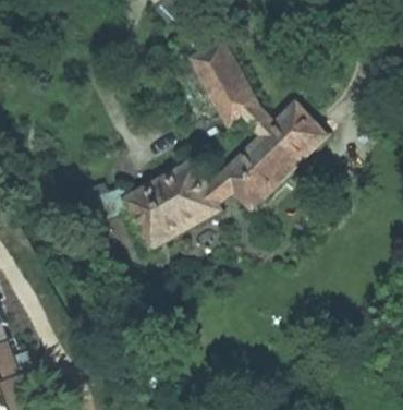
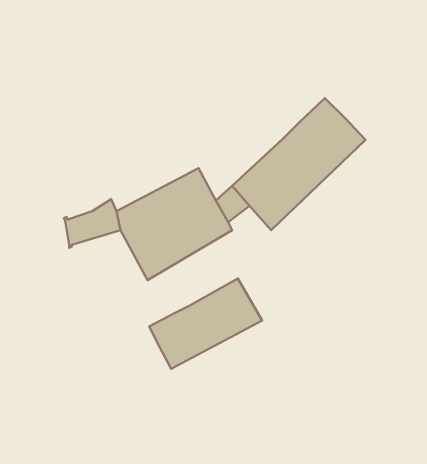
building: [190,39,273,134] -> none
building: none -> [149,279,262,369]

